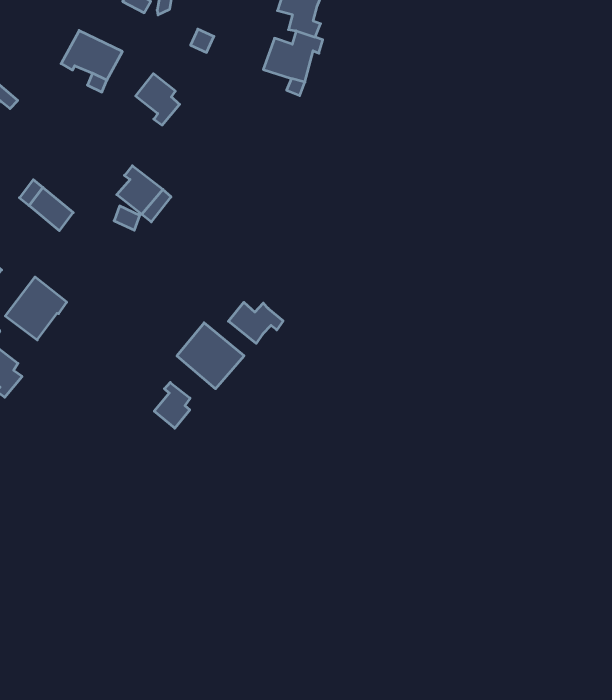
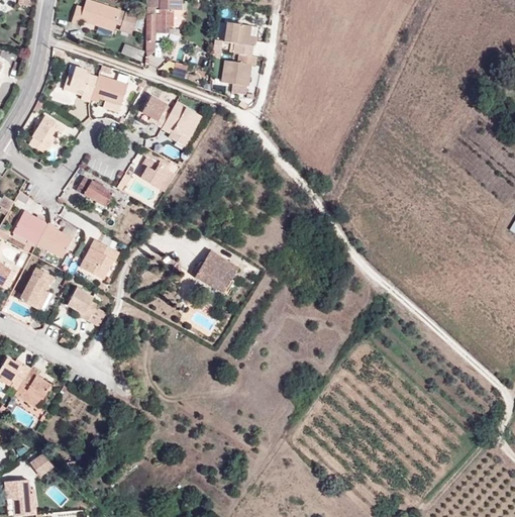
building: none -> [64,66,98,101]
building: none -> [161,102,202,145]
building: [228,302,283,343] -> none
building: [154,382,190,428] -> none

